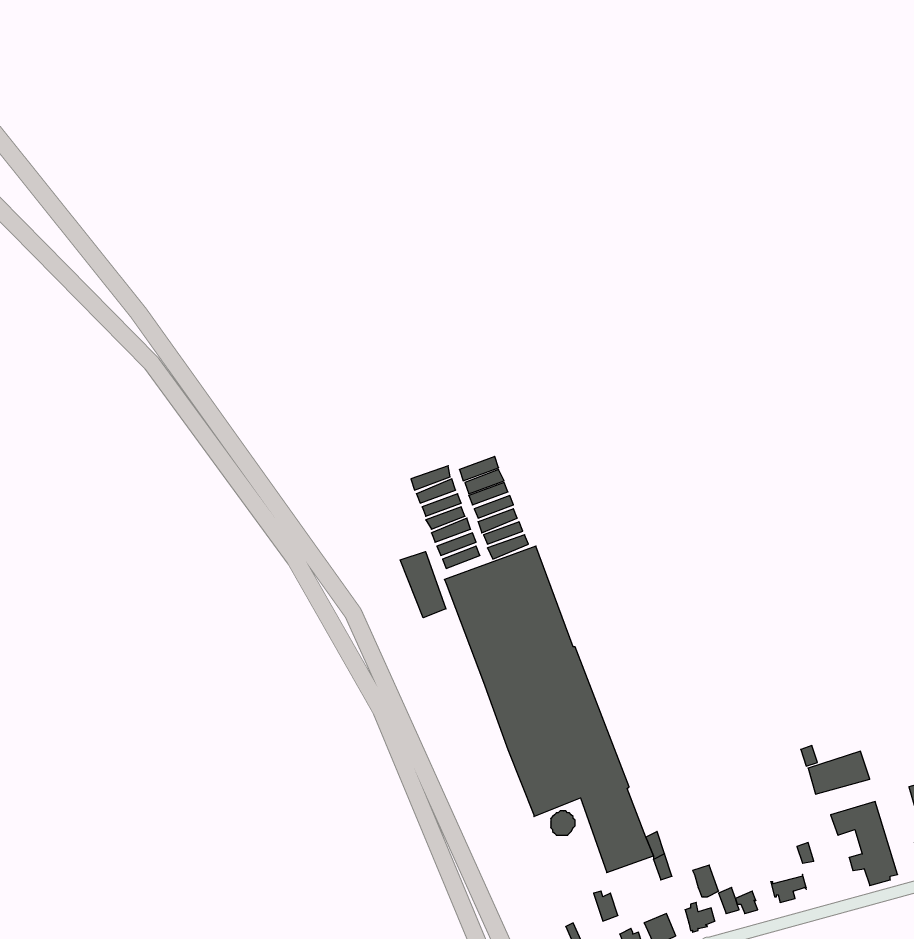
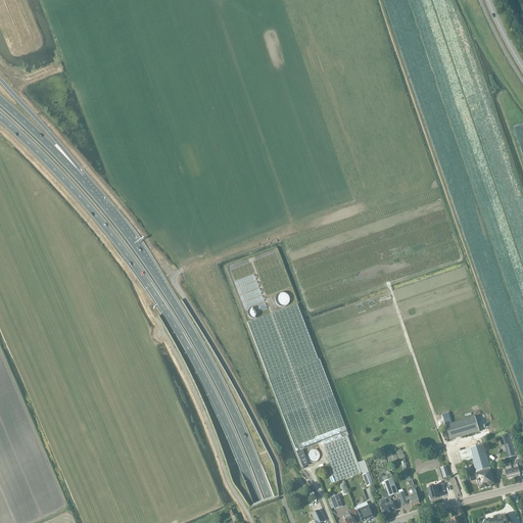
building: [400,552,446,618] -> none

